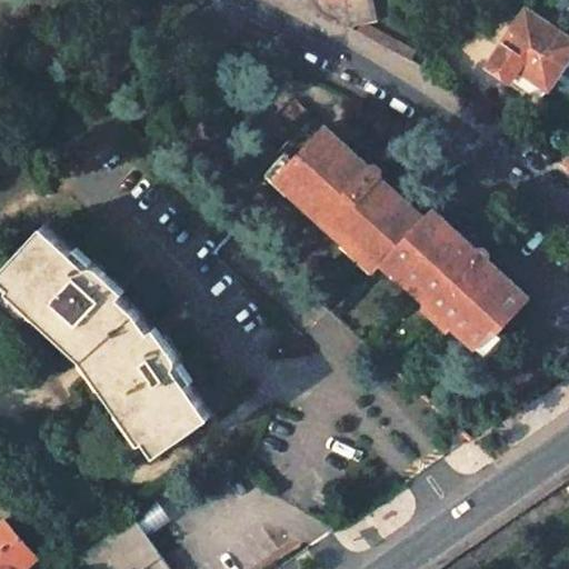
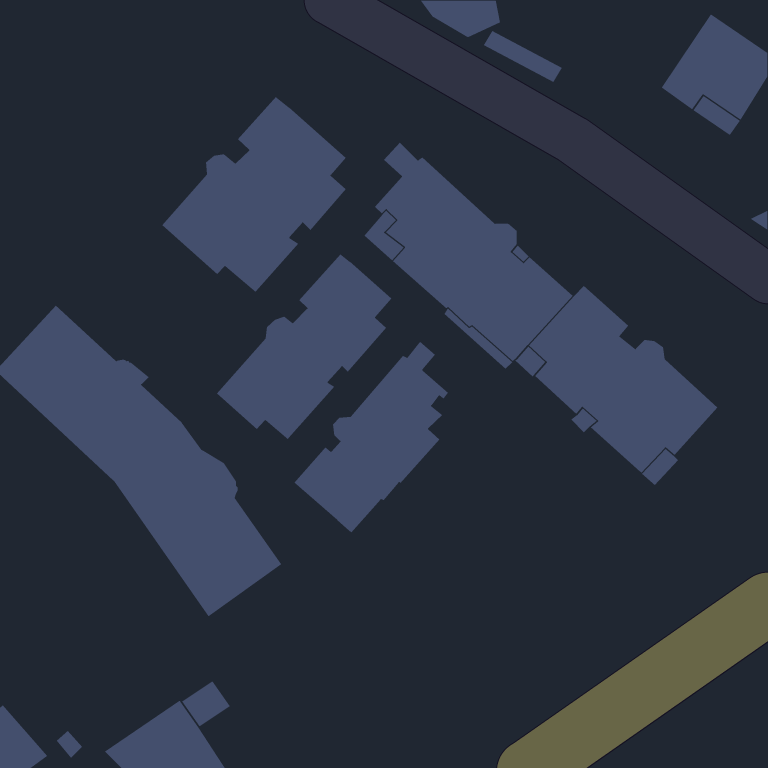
building: none -> [161,96,346,293]
building: none -> [216,253,392,440]
building: none -> [293,341,449,533]

